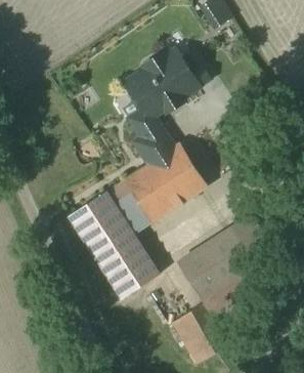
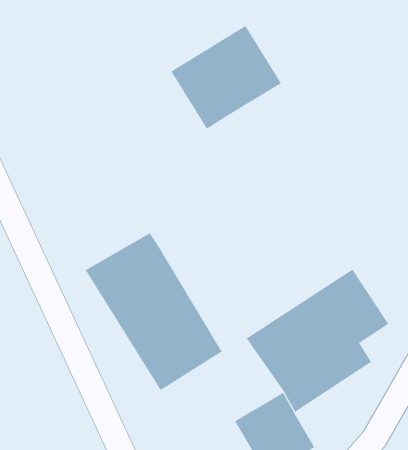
building: [108,110,207,219] -> none

